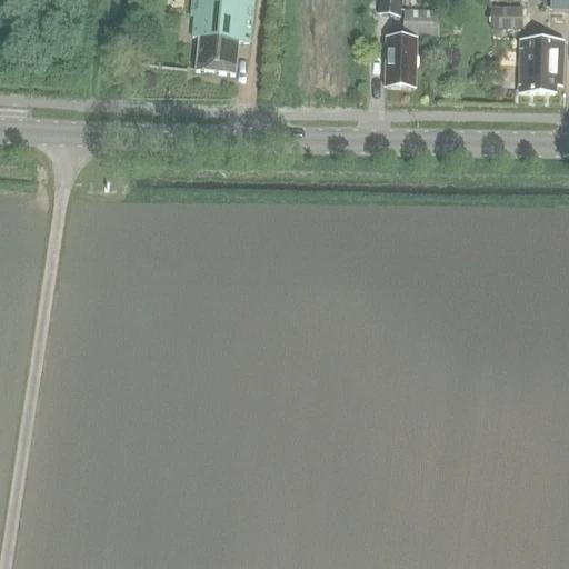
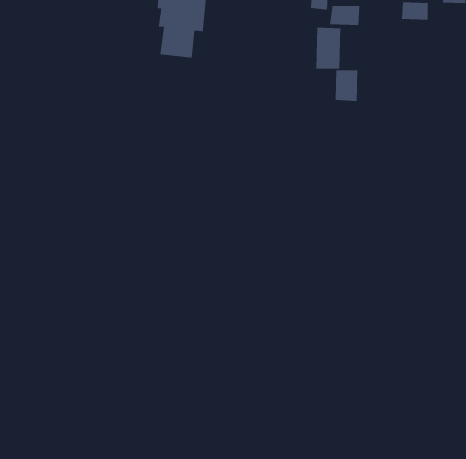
building: [519,38,561,89] -> none
building: none -> [335,69,358,102]

